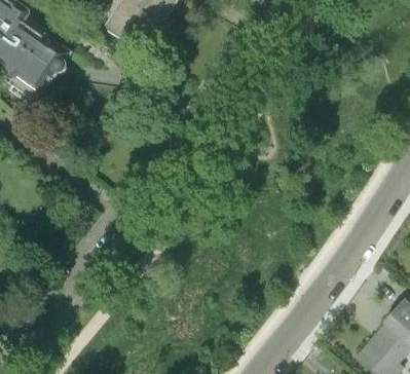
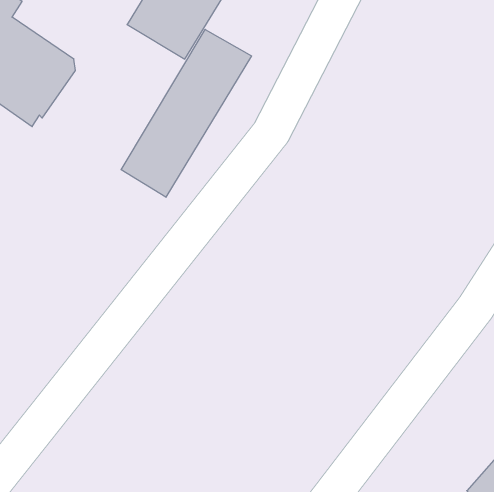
building: none -> [121,29,252,197]

